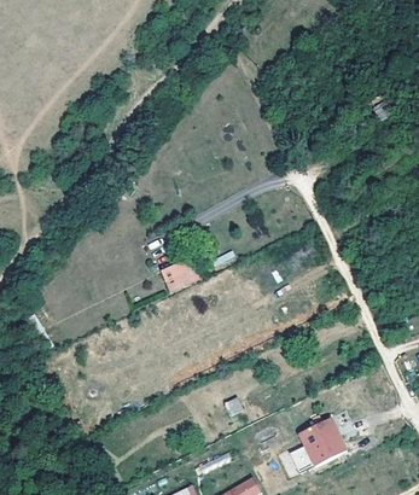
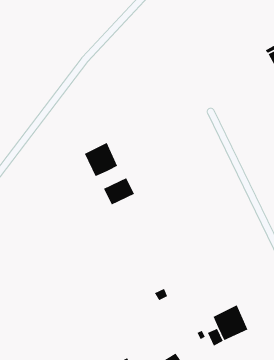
building: none -> [84,142,118,177]

